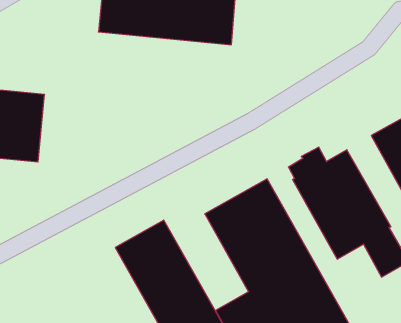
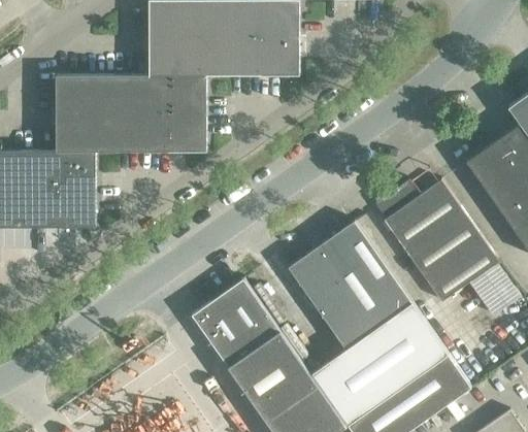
building: none -> [57,74,207,151]

